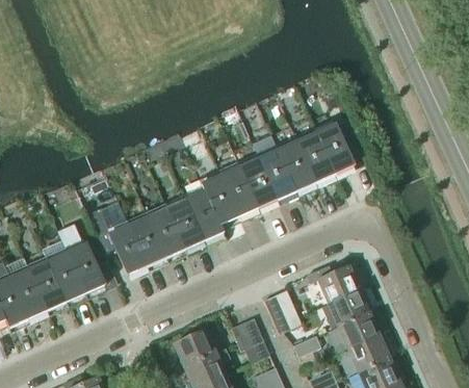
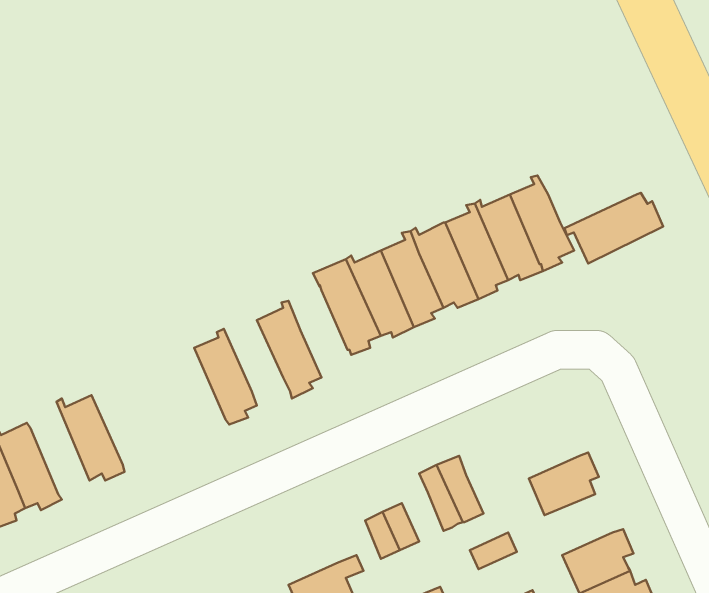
building: none -> [565,193,663,264]
building: [184,189,226,242] -> none
building: [86,207,149,276] -> none
building: [146,207,186,259] -> none
building: [67,239,104,298] -> none
building: [27,256,66,314] -> none
building: [305,264,358,302] -> none
building: [337,311,384,347] -> none
building: [175,329,214,365] -> none

